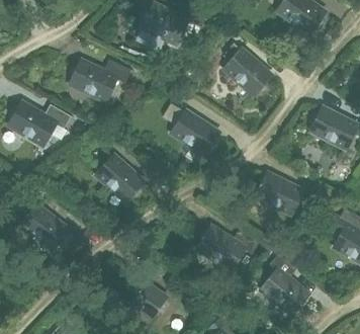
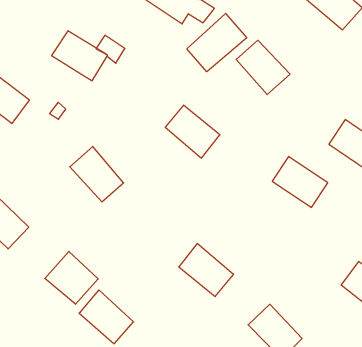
building: none -> [187,13,247,72]
building: [257,172,303,213] -> [272,156,328,207]
building: none -> [45,251,98,304]

